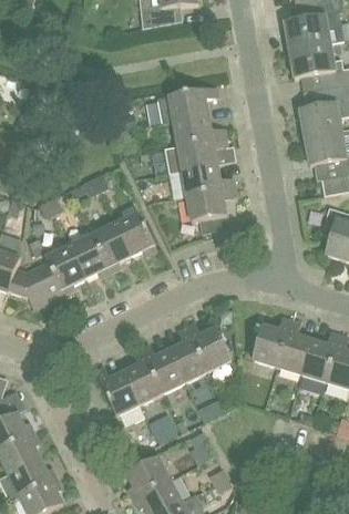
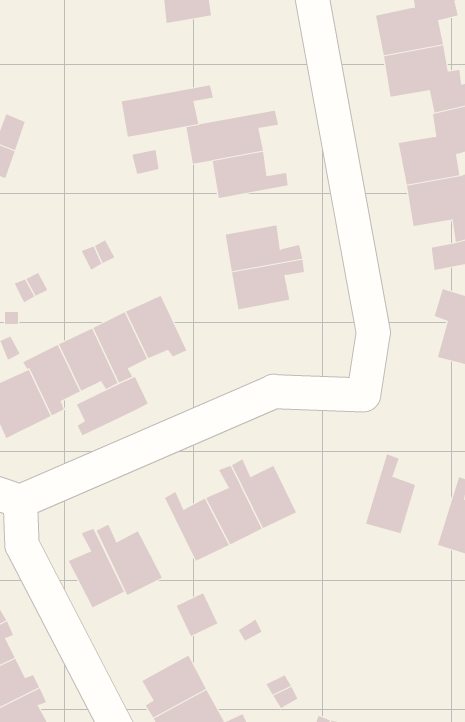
building: [164,137,227,173] -> [121,85,214,137]
building: none -> [76,376,149,436]
building: [252,317,291,367] -> none
building: [301,331,340,381] -> none
building: [123,349,162,403] -> [68,528,125,608]

